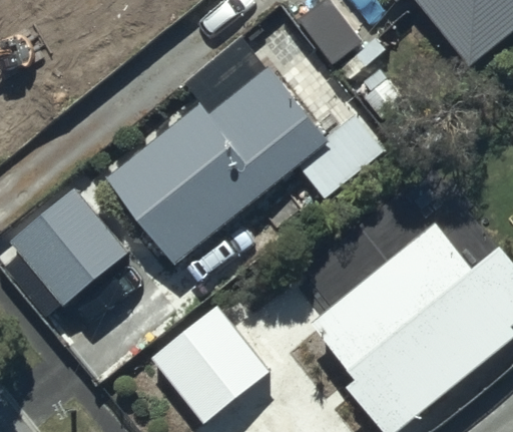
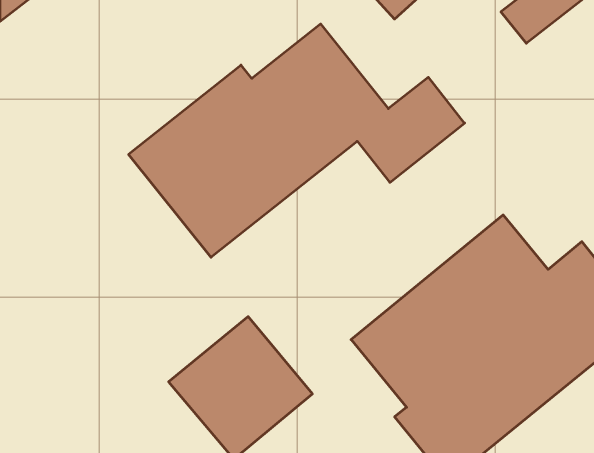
building: [18,180,139,303] -> none

